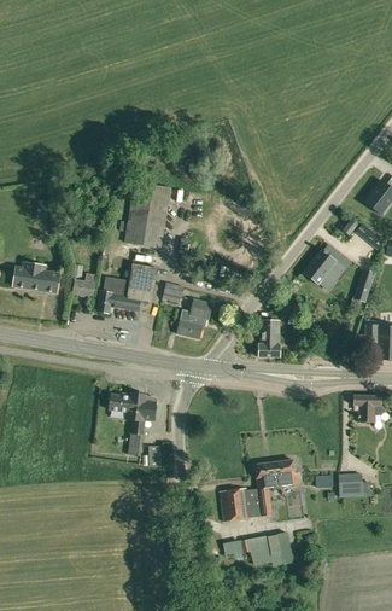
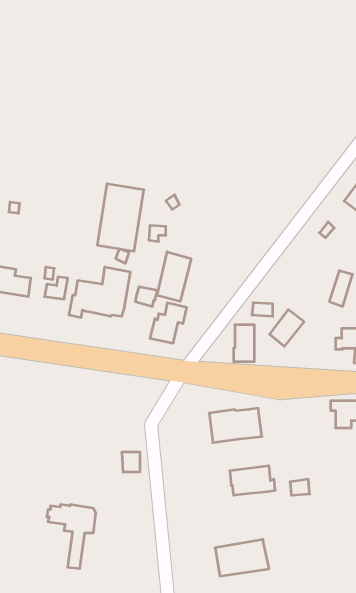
building: none -> [157,252,191,301]
building: [302,251,335,287] -> [270,310,304,346]
building: [107,392,156,455] -> [47,505,96,568]
building: [338,473,370,496] -> none
building: [220,487,271,520] -> [209,408,262,443]

